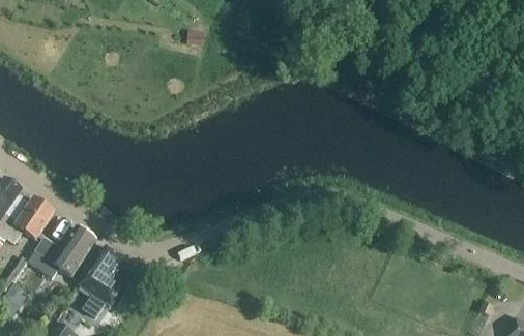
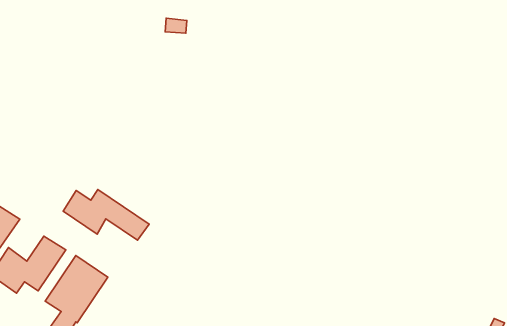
building: none -> [63,190,149,240]

